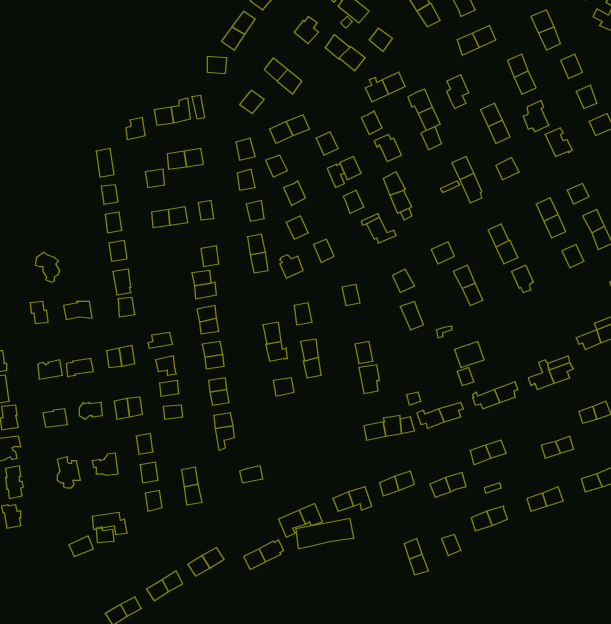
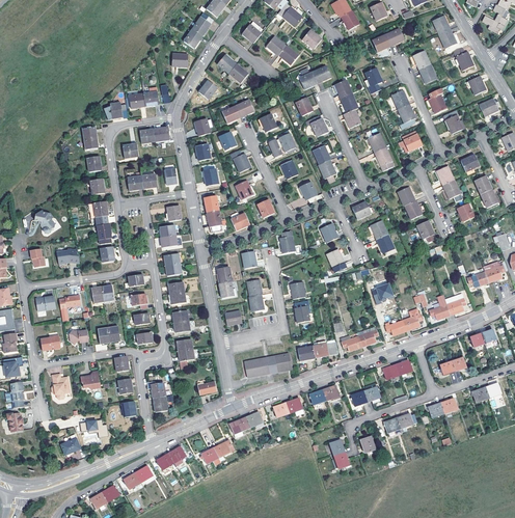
building: [296,519,354,548] -> [245,353,292,377]

